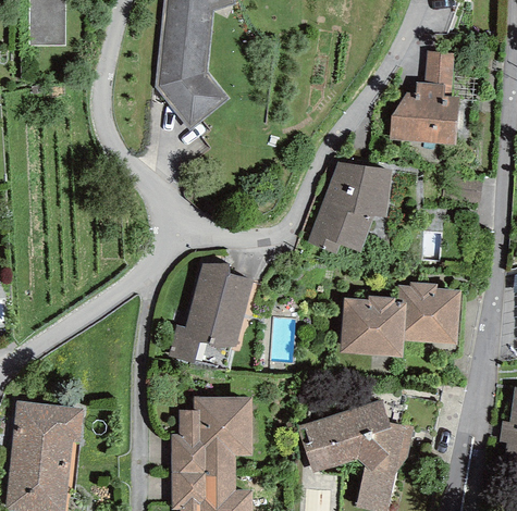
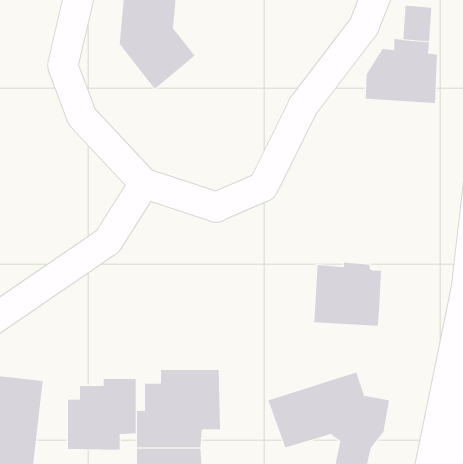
building: [307,161,391,253] -> none
building: [169,263,254,369] -> none
building: [397,282,460,344] -> none
building: none -> [67,378,136,451]

